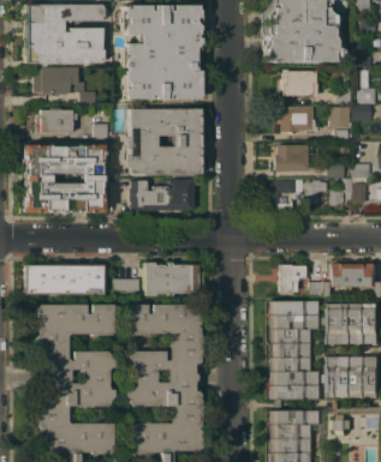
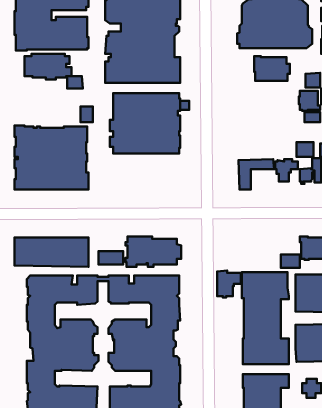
building: [278,106,317,132] -> none
building: [36,108,76,133] -> none
building: [273,145,311,170] -> none
building: [126,179,192,212] -> none
building: [279,264,304,293] -> [217,270,241,297]

